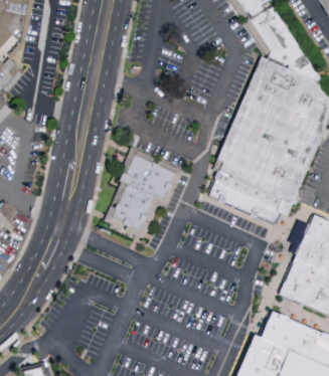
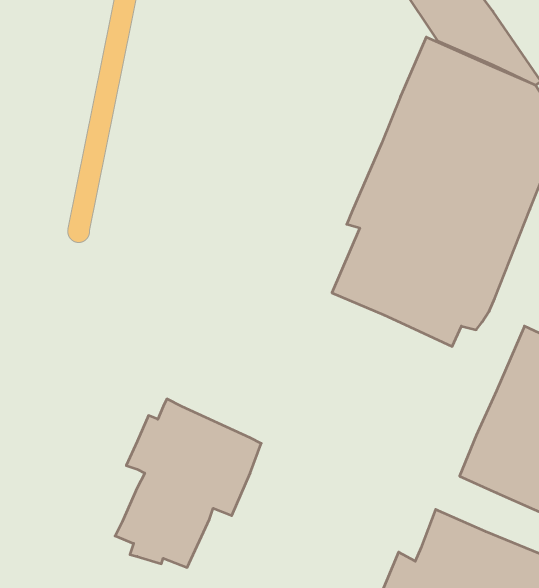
building: [108,147,187,238] -> [115,399,261,567]

